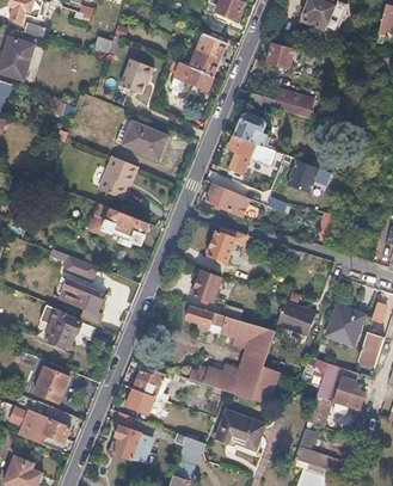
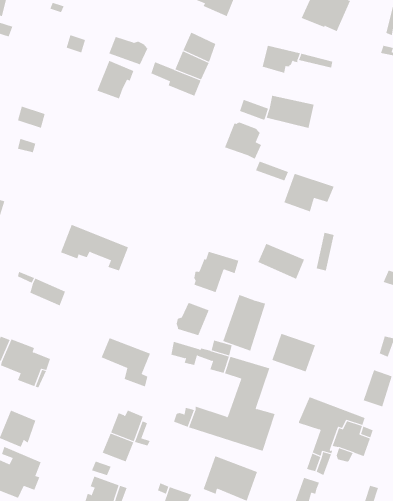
building: none -> [109,36,148,65]
building: [122,121,167,158] -> none
building: [226,135,254,184] -> none
building: [98,154,139,197] -> none
building: [207,184,248,216] -> [258,243,305,280]
building: none -> [223,294,266,351]
building: [60,279,104,324] -> [101,337,151,387]
building: [325,307,364,346] -> none

